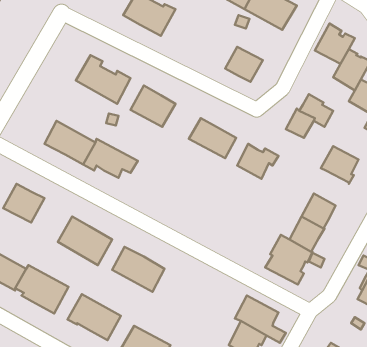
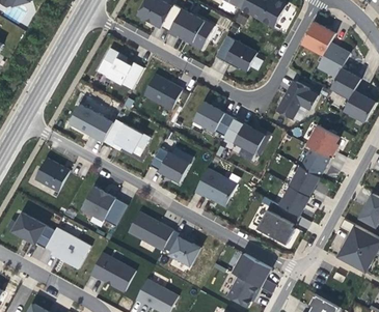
building: none -> [169,8,213,49]
building: none -> [300,146,330,176]
building: none -> [148,147,189,181]
building: none -> [194,168,236,205]
building: none -> [163,230,199,265]

